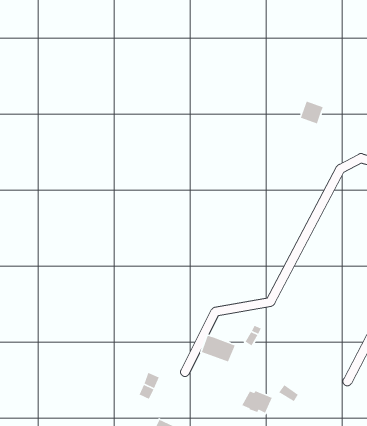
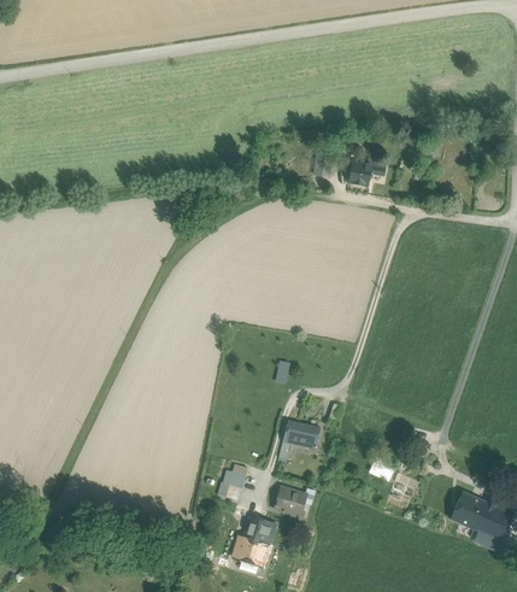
building: [241,390,273,414] -> [275,487,306,511]

